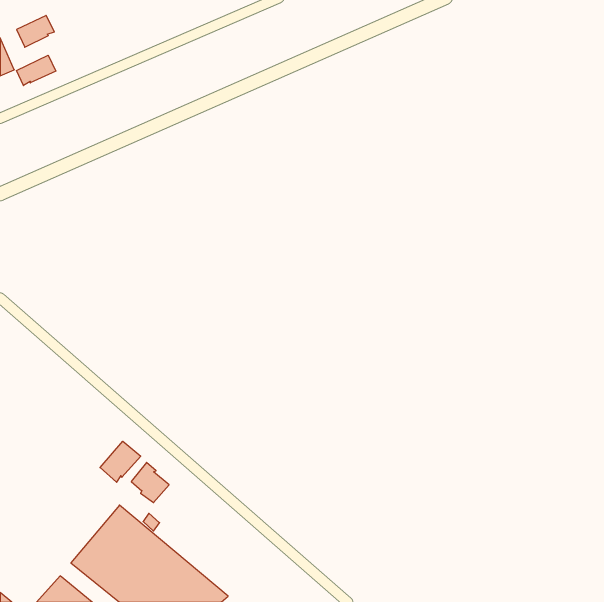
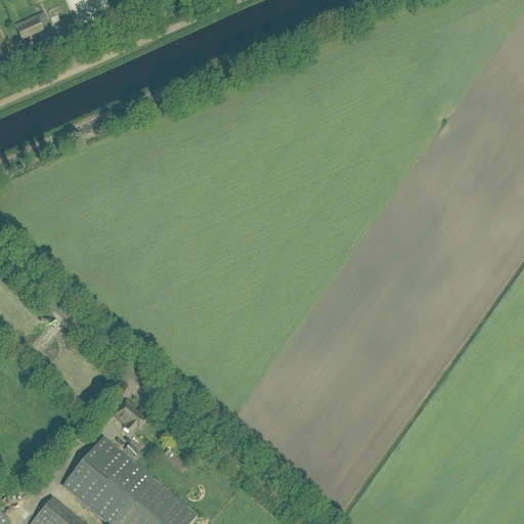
building: [16,55,56,86] -> none
building: [100,441,141,482] -> none

